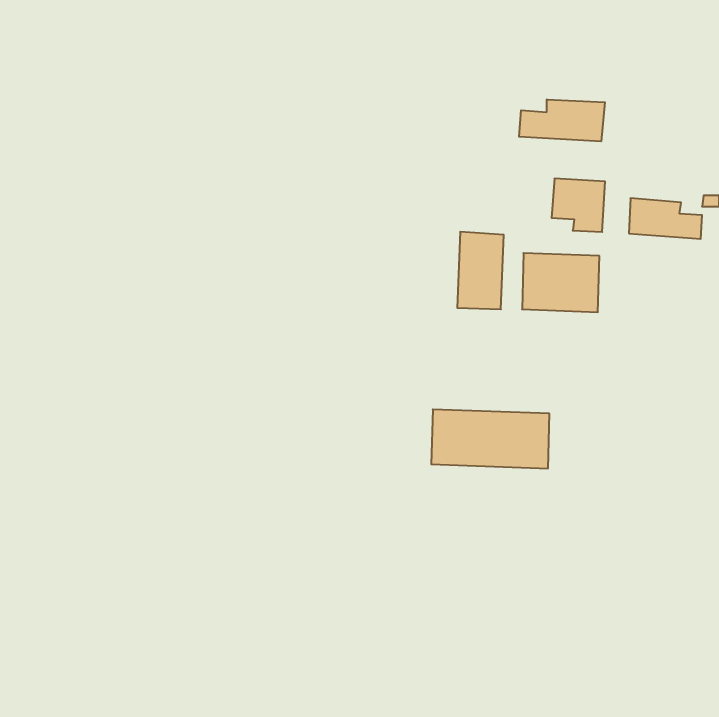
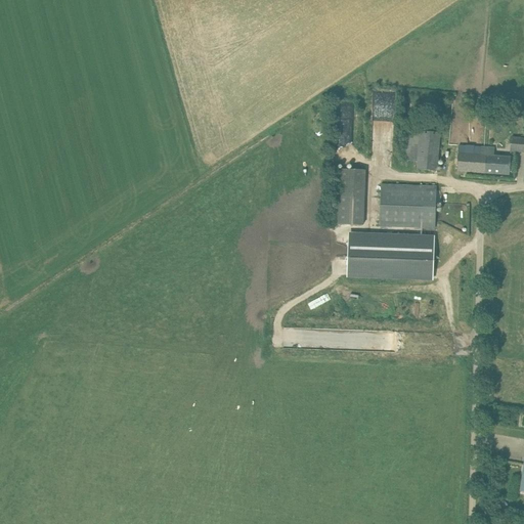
building: [519,99,605,141] -> none
building: [431,409,549,468] -> [348,234,434,277]

